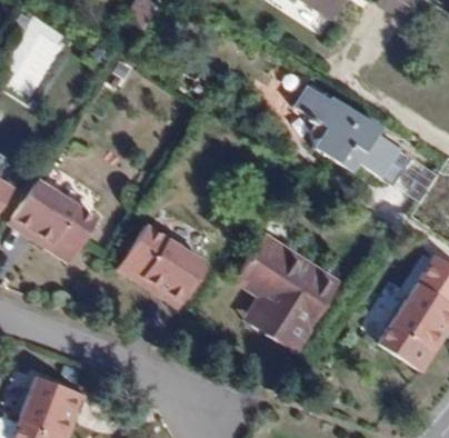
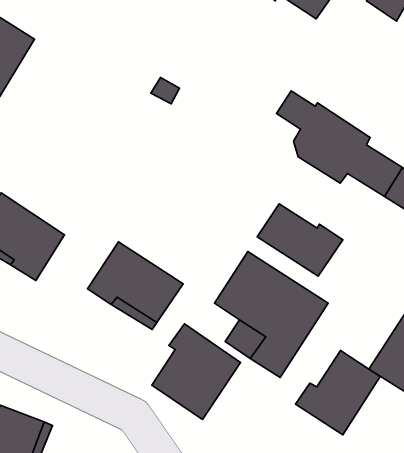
building: none -> [257,204,343,276]
building: none -> [152,324,240,419]
building: none -> [296,351,380,435]

